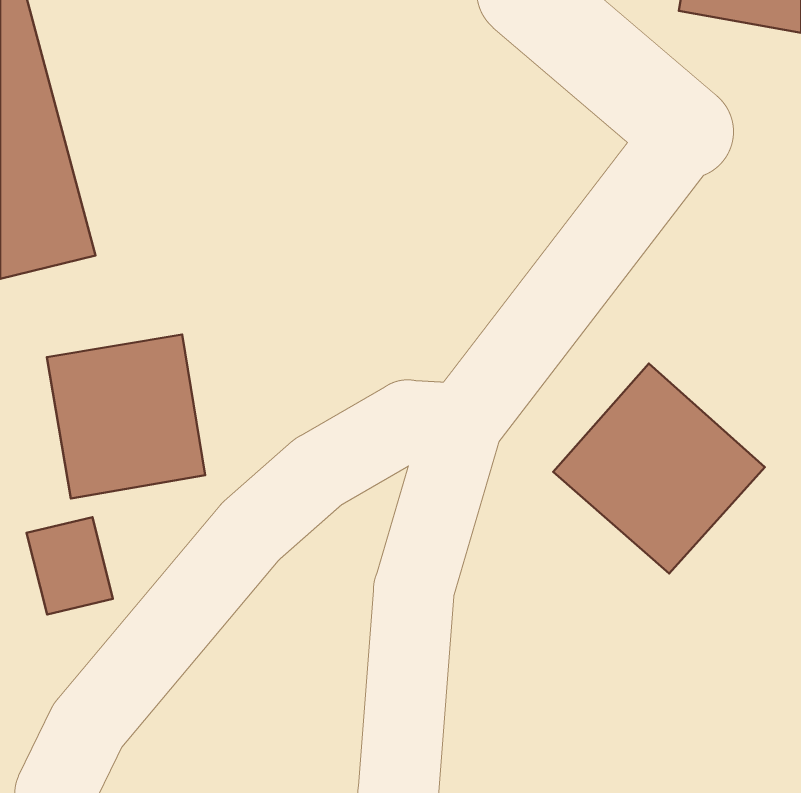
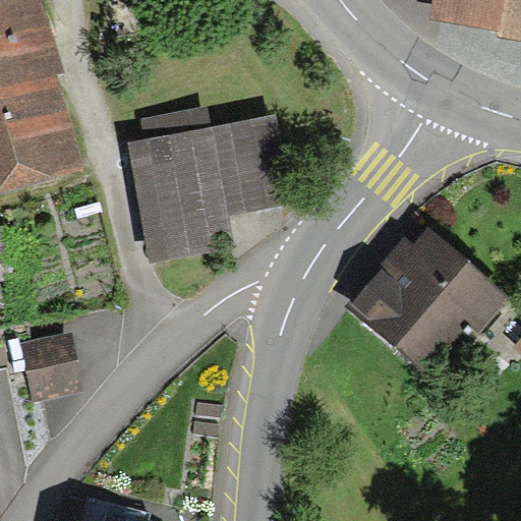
building: none -> [138,119,272,248]
building: [47,334,205,499] -> none

